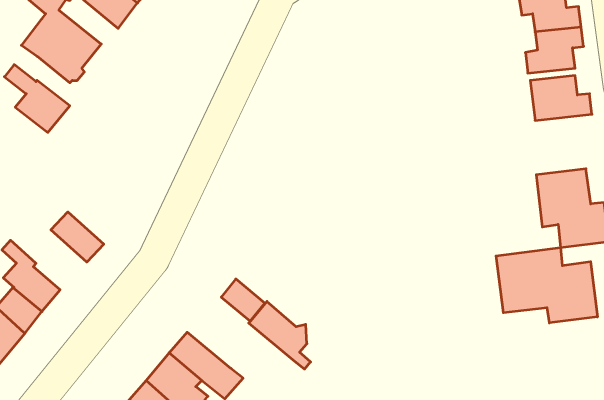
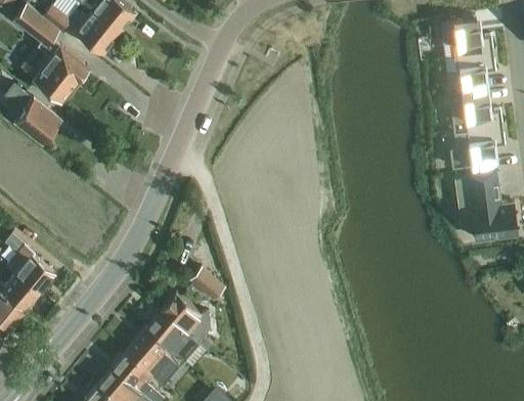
building: none -> [449,127,504,167]
building: [51,212,104,262] -> none
building: [496,247,597,323] -> none
building: [249,301,311,369] -> [160,293,212,350]

